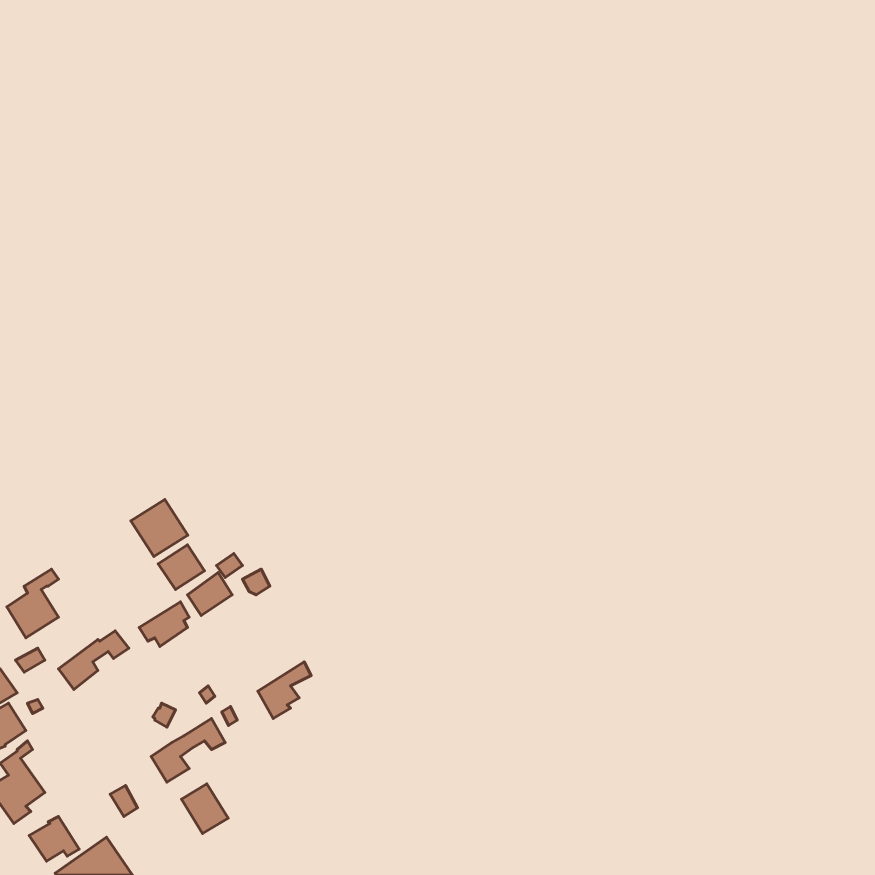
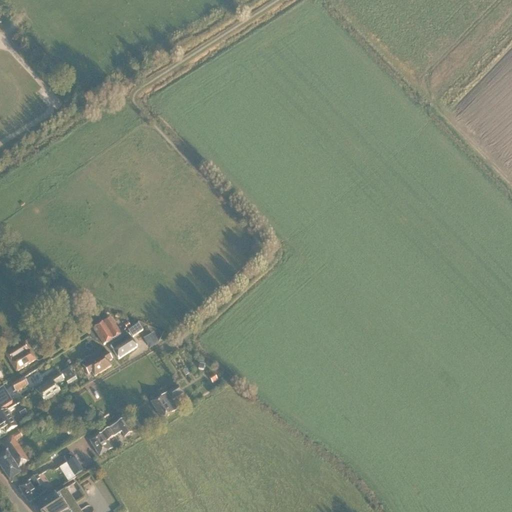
building: [131,500,188,556] -> none
building: [181,784,228,833] -> none

